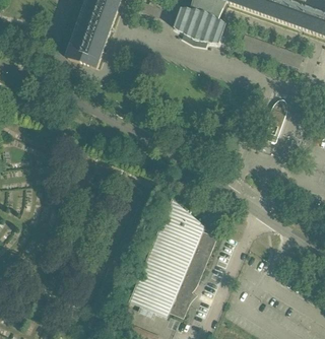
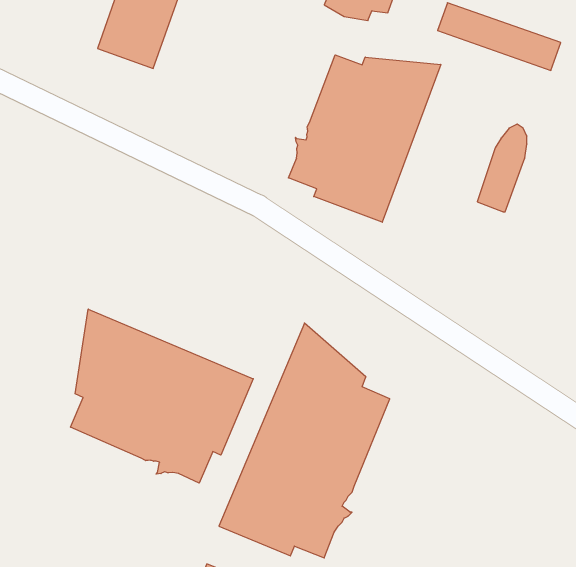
building: none -> [288,55,441,222]
building: none -> [71,309,253,483]

